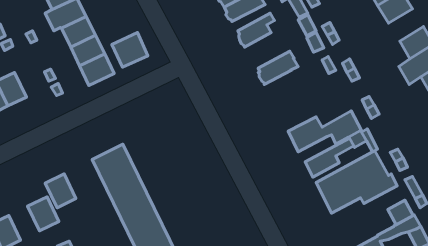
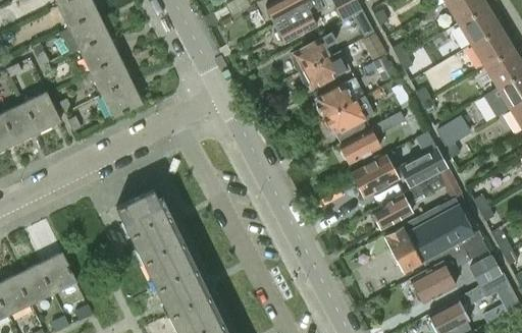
building: none -> [472,26,514,65]
building: none -> [300,50,350,90]
building: [112,33,148,67] -> none
building: none -> [24,92,61,132]
building: none -> [323,100,374,134]
building: none -> [340,111,406,163]
building: [45,174,76,208] -> [17,263,54,303]
building: none -> [412,238,488,301]

